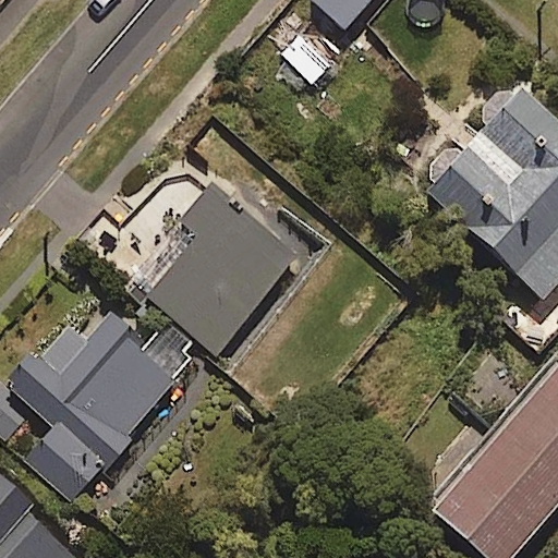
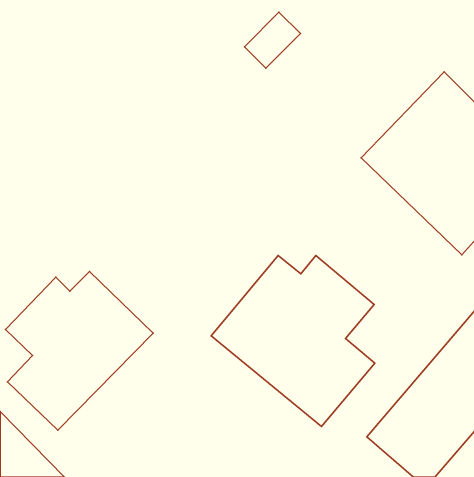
building: [130,184,299,355] -> none
building: none -> [211,255,375,427]

